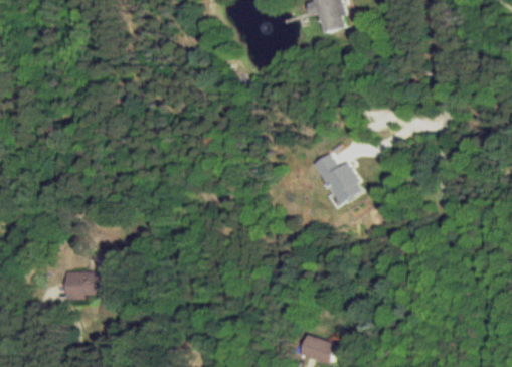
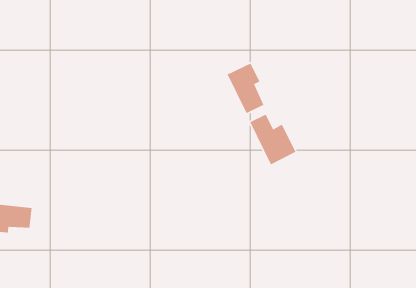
building: none -> [227,62,264,114]

